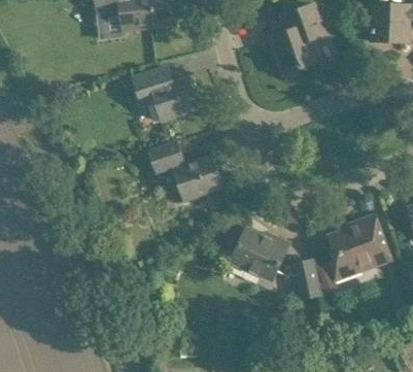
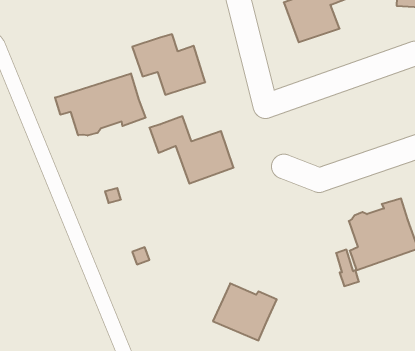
building: none -> [55,73,146,136]
building: [232,229,289,280] -> [213,283,277,340]
building: [292,260,319,300] -> none

